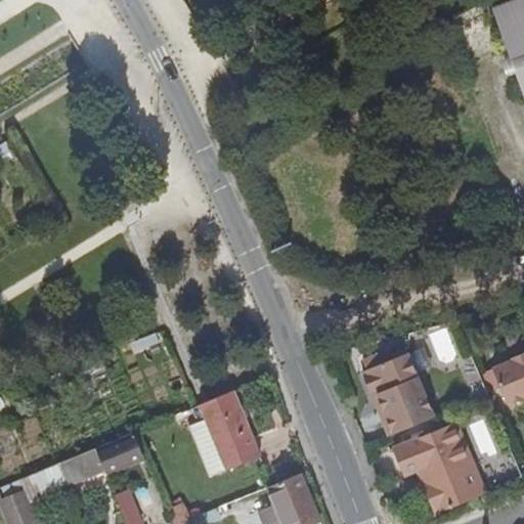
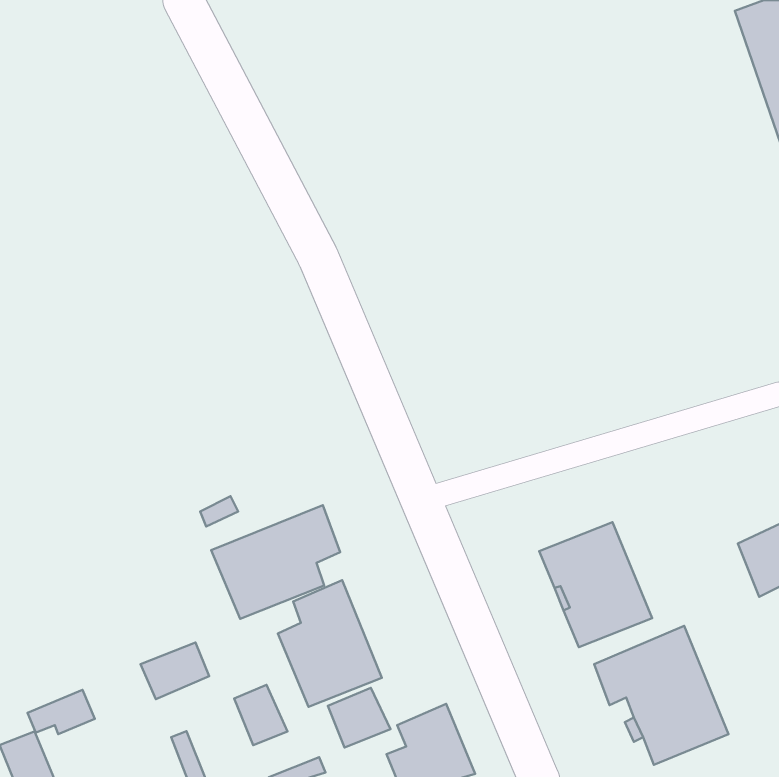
building: none -> [211,505,340,619]
building: [56,447,105,488] -> none
building: none -> [234,685,287,745]
building: none -> [328,688,391,748]

